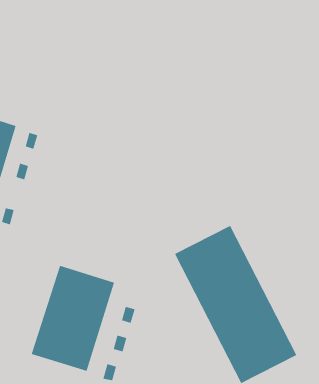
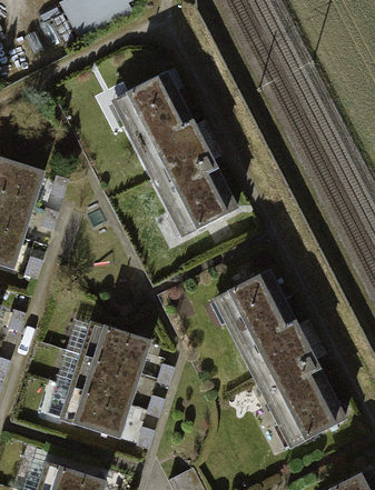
building: none -> [107,67,239,239]

